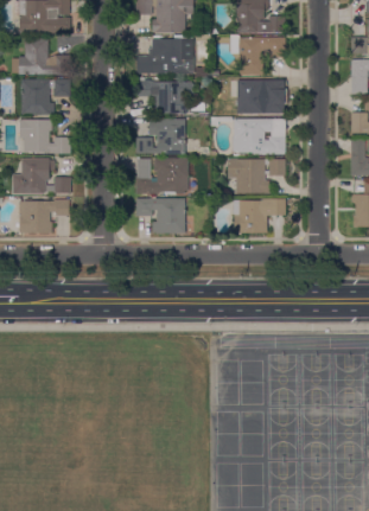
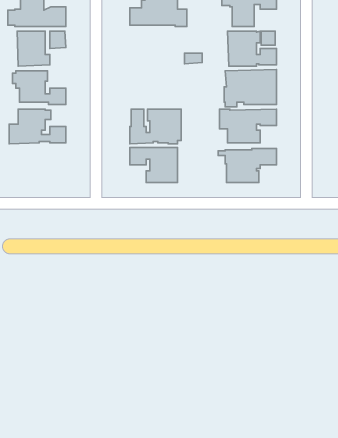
building: [136,81,186,114] -> none
building: [134,119,185,155] -> none
building: [18,199,69,234] -> none

